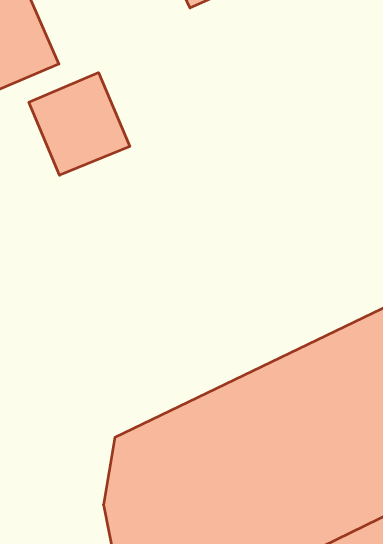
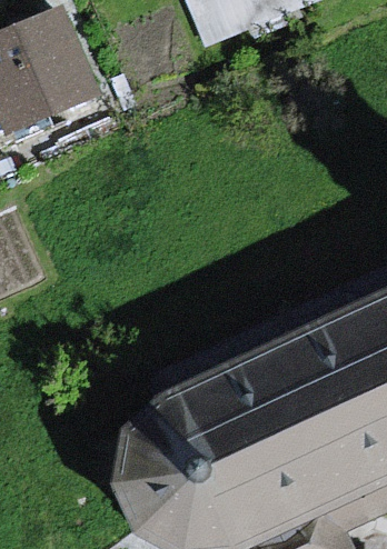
building: [29,73,130,175] -> none

